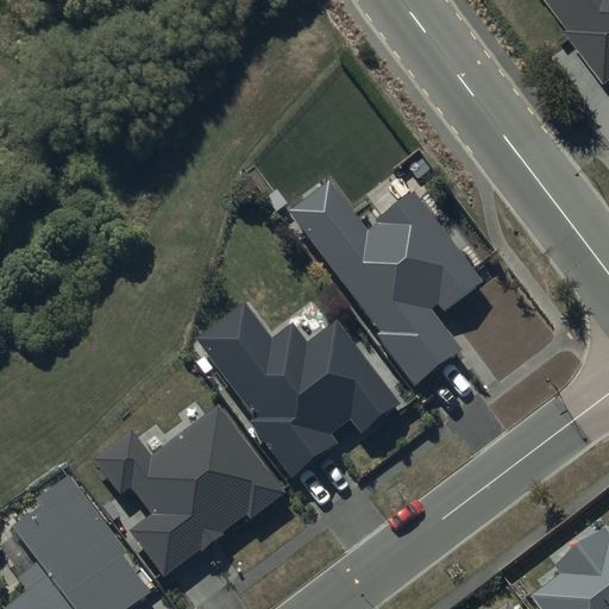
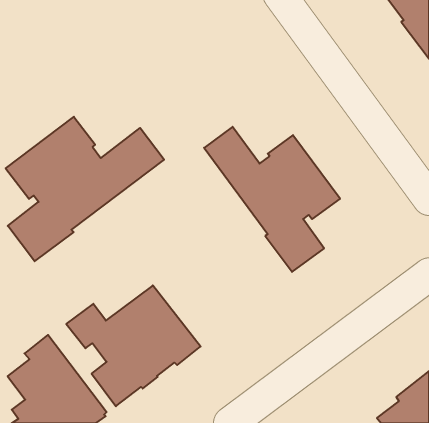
building: none -> [6,117,164,261]
building: [195,302,398,476] -> none

